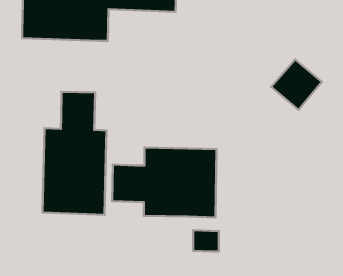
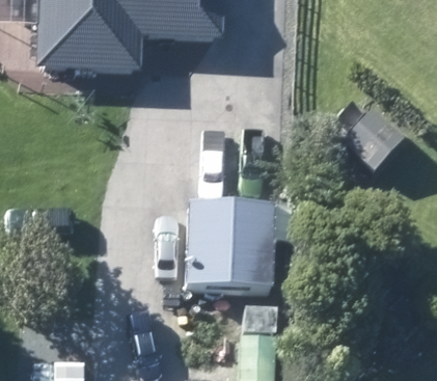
building: [42,92,107,215] -> none

